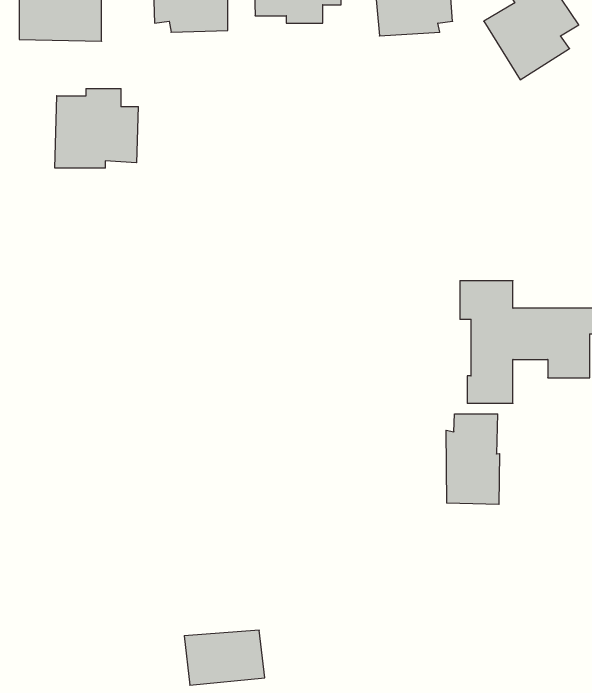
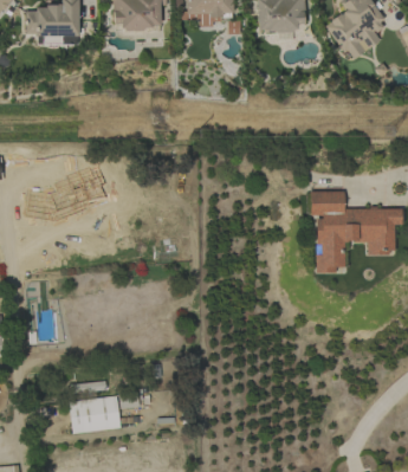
building: [55,89,138,168] -> none
building: [446,414,500,504] -> none
building: [184,630,265,685] -> [69,397,121,433]

